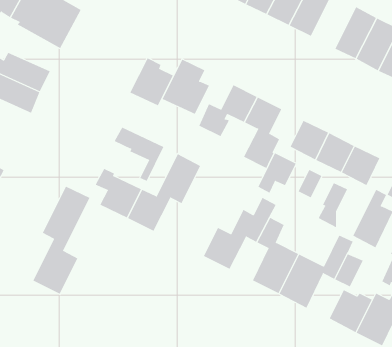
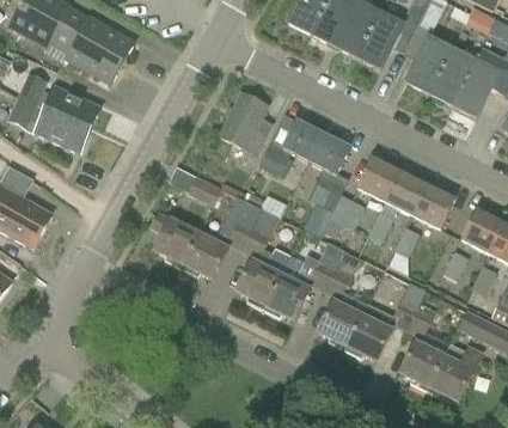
building: [130,57,174,106] -> none
building: none -> [234,207,280,304]
building: [33,186,90,295] -> none

